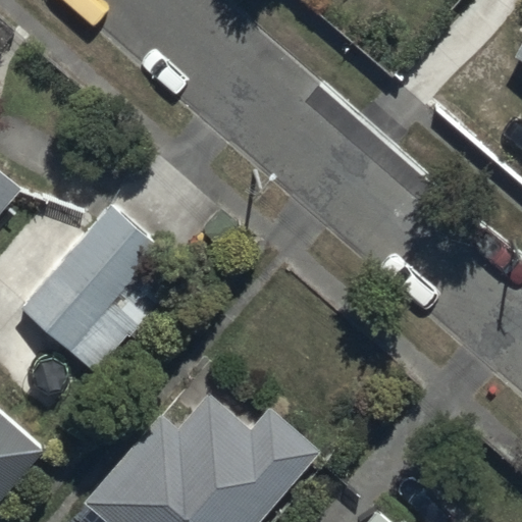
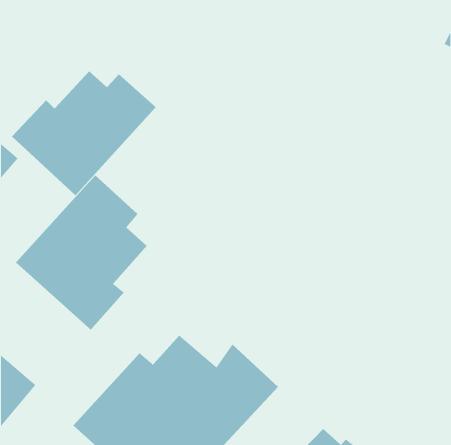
building: none -> [11,70,156,196]

